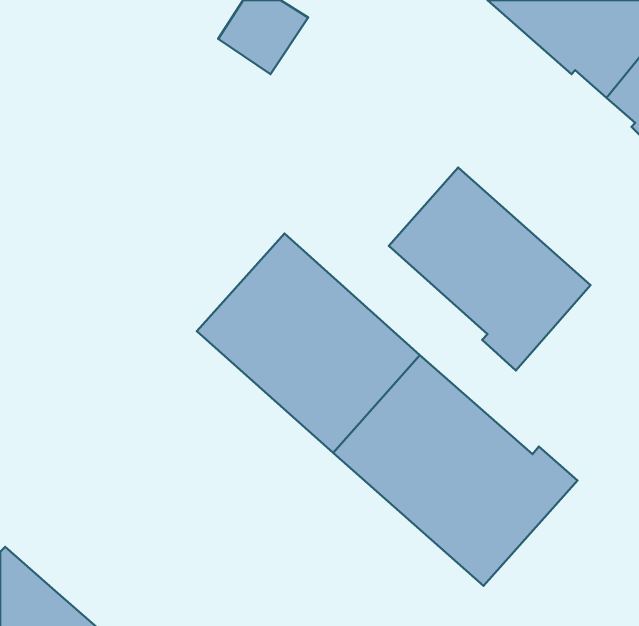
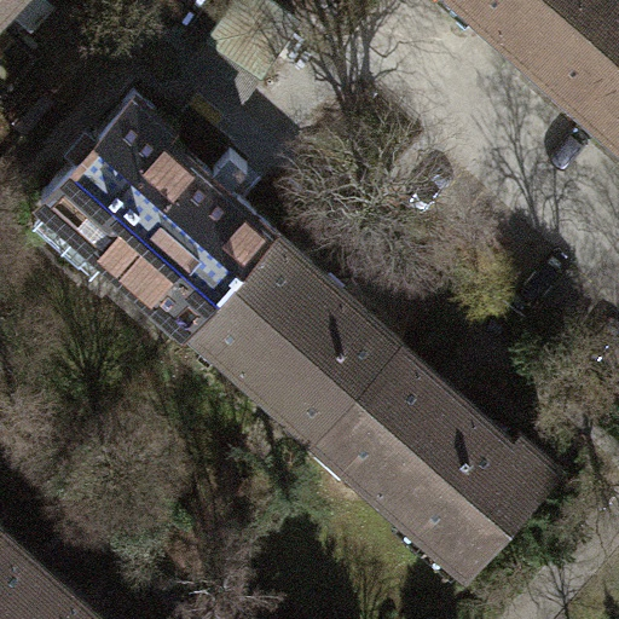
building: none -> [44,100,277,335]
building: [389,167,591,370] -> none

